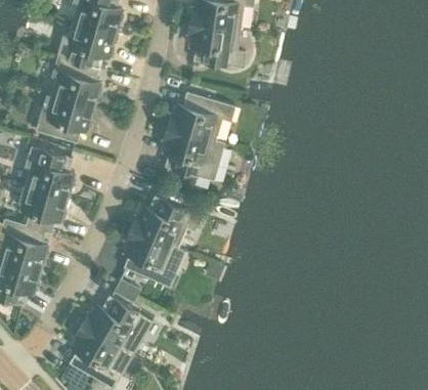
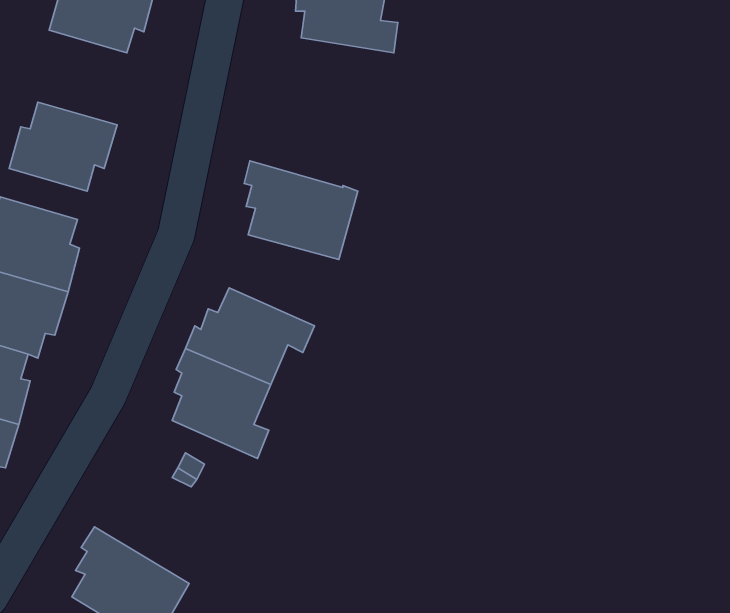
building: [51,56,100,107] -> none
building: [166,92,236,141] -> none
building: [82,296,153,355] -> none

